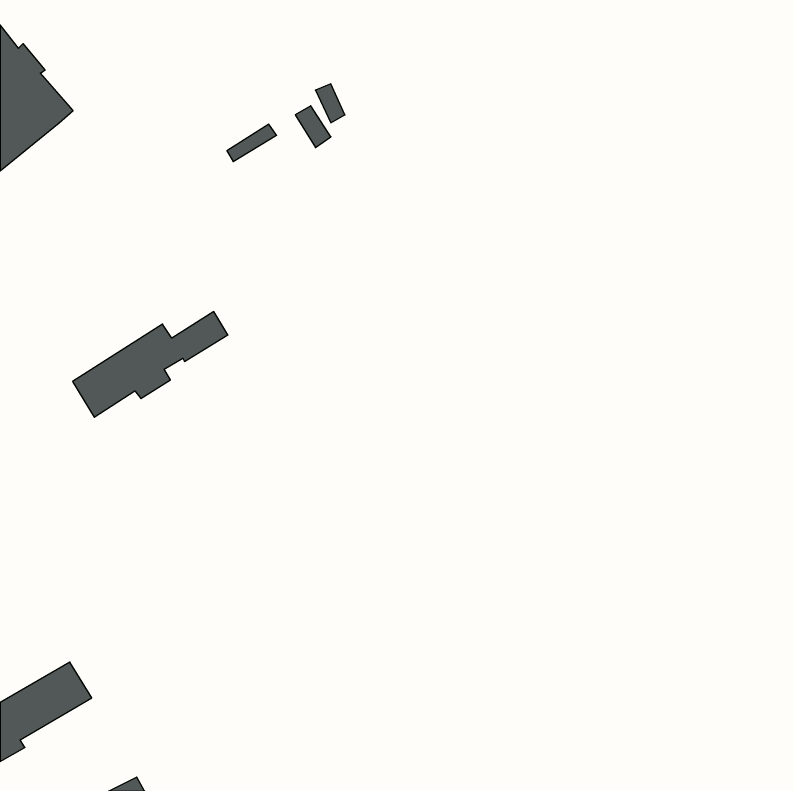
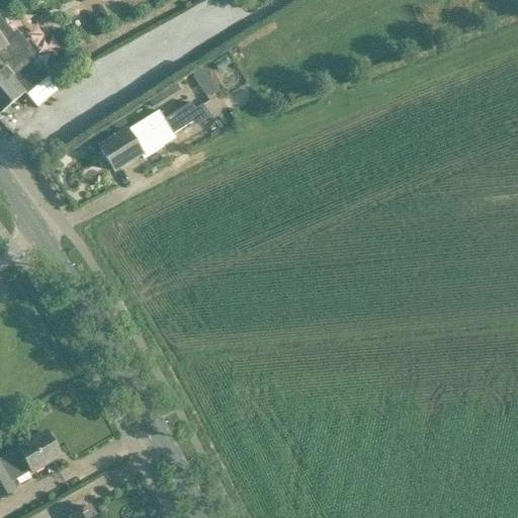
building: [73,312,228,417] -> [99,101,200,170]

